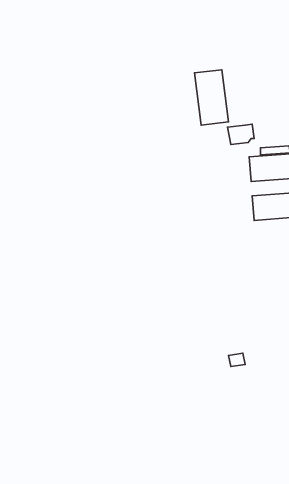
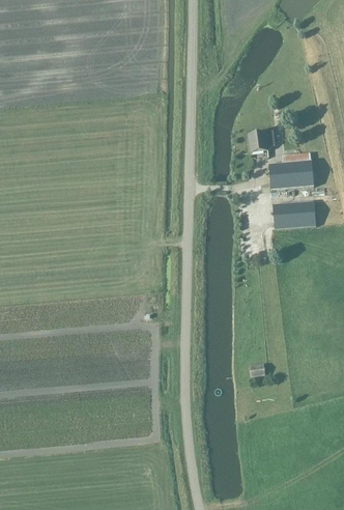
building: [195,70,229,125] -> none

